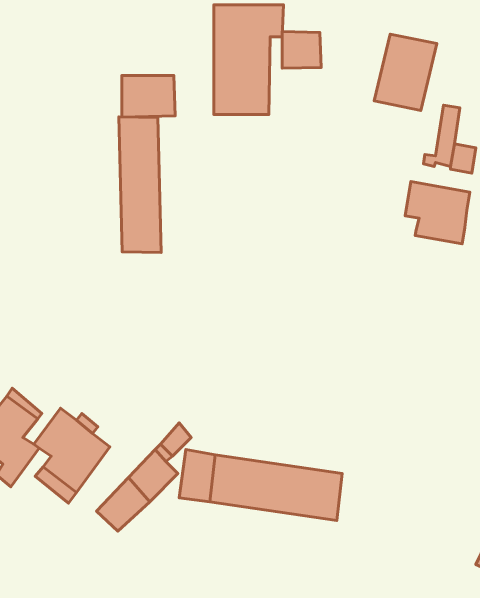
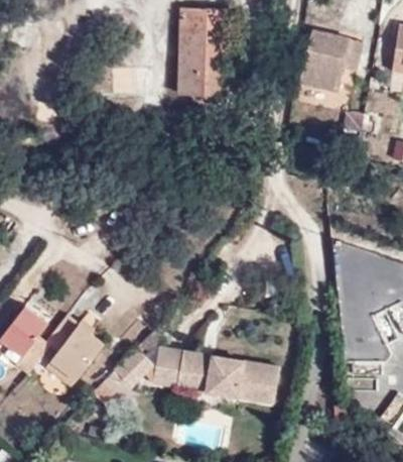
building: [282,32,321,68] -> none
building: [119,117,161,253] -> none
building: [405,181,470,244] -> none

